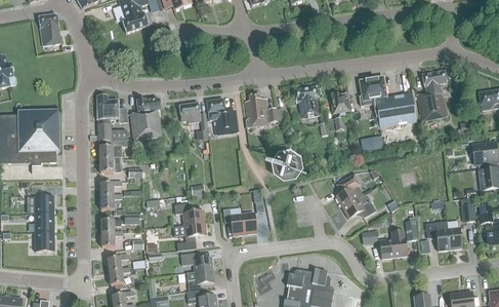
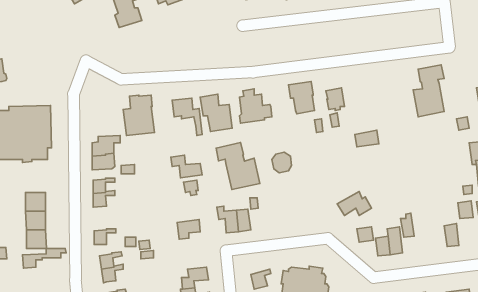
building: [38,13,60,44] -> none
building: [359,77,415,126] -> none
building: [96,94,127,140] -> none
building: none -> [216,142,260,190]
building: [335,172,363,206] -> none
building: [174,202,205,225] -> [171,155,202,178]
building: [100,214,143,233] -> [22,249,66,268]
building: [425,221,450,251] -> none
building: [180,252,212,271] -> none

